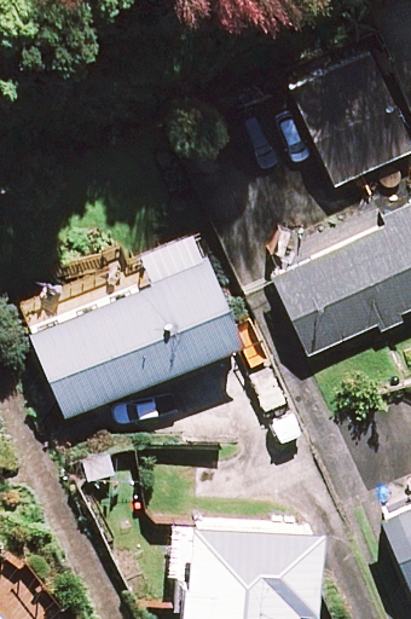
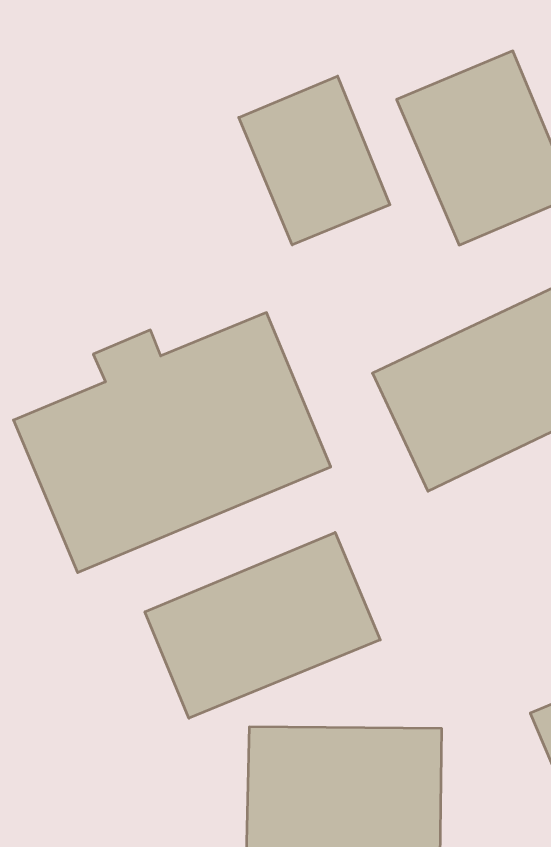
building: none -> [239,76,390,245]
building: none -> [145,532,380,718]

